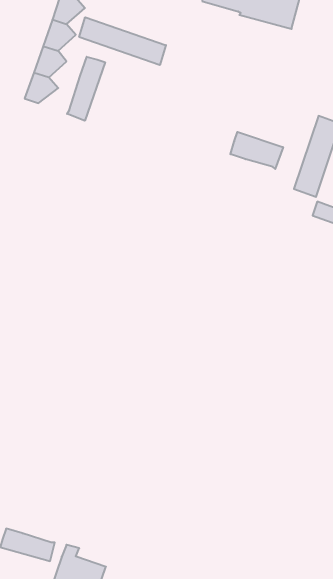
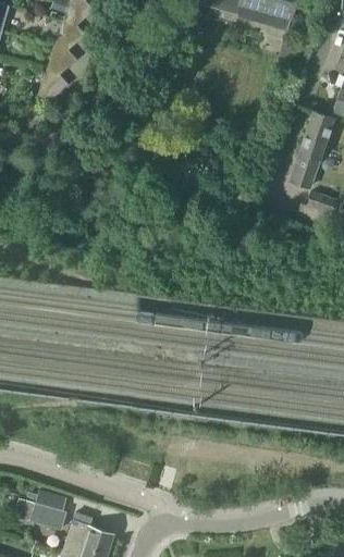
building: [79,17,166,65] -> none
building: [67,57,105,121] -> none
building: [230,132,283,169] -> none

